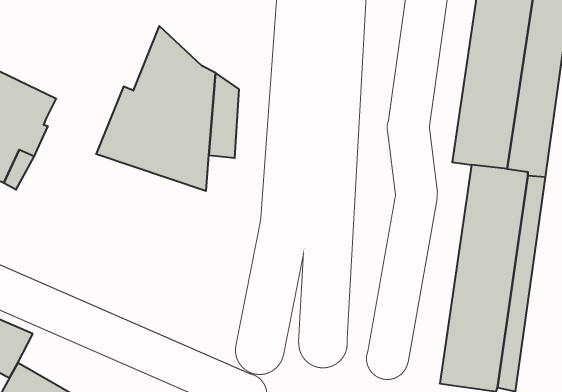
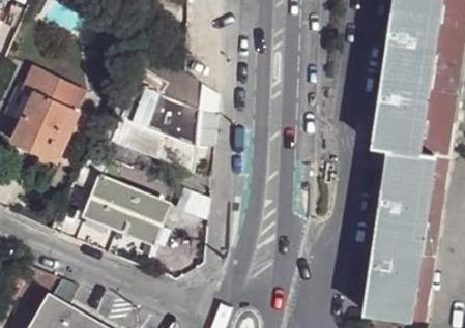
building: none -> [72,154,166,243]

